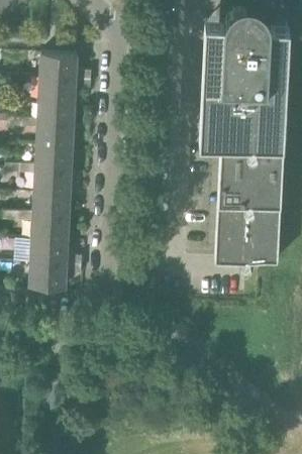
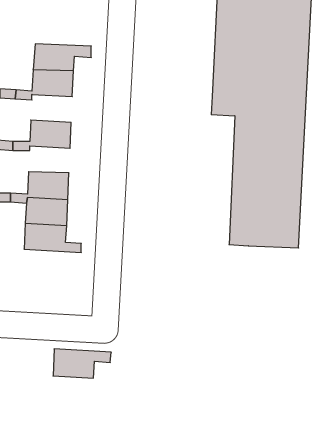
building: [39,55,91,81] -> none
building: [35,124,73,149] -> none
building: [33,171,71,195] -> none
building: [28,263,81,290] -> [53,349,111,378]

